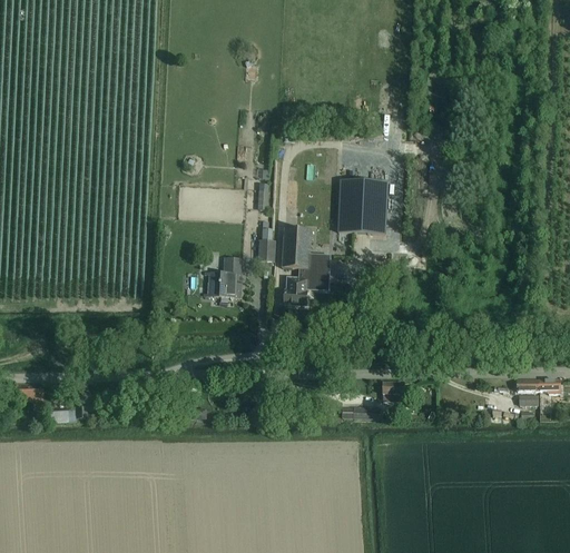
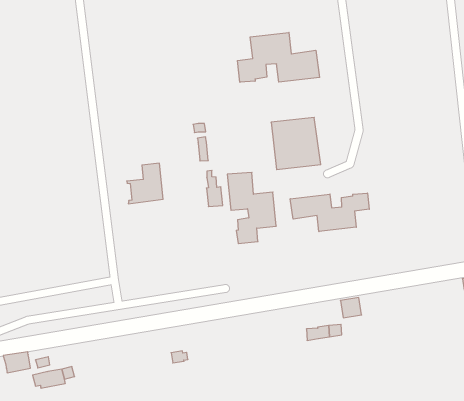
building: none -> [237,32,320,82]
building: [203,257,243,297] -> [127,163,163,204]
building: none -> [290,193,369,232]

